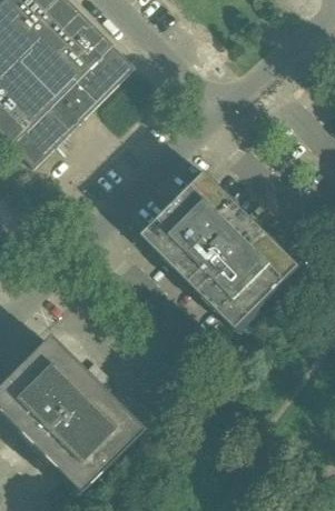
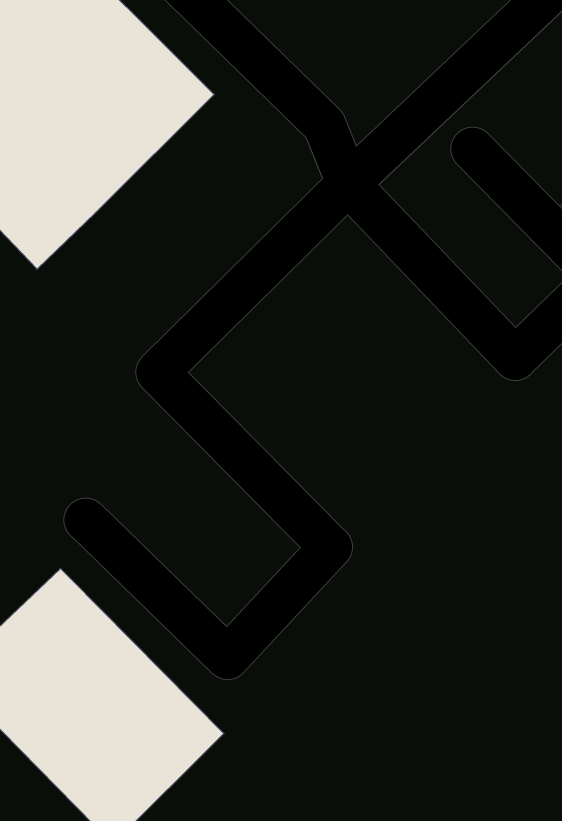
building: [144,172,302,331] -> none

